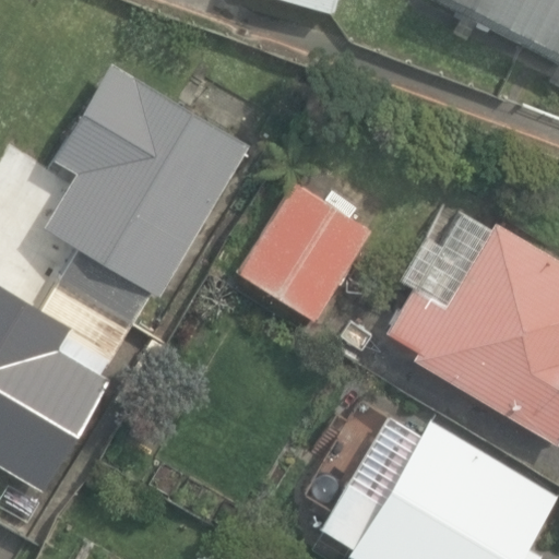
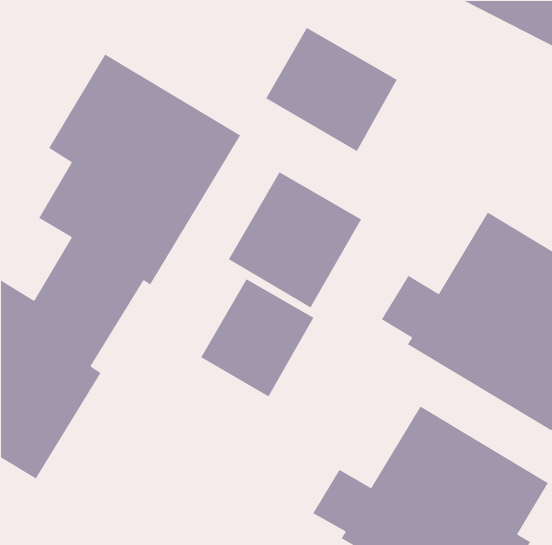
building: none -> [265,27,398,152]
building: none -> [200,278,314,398]

